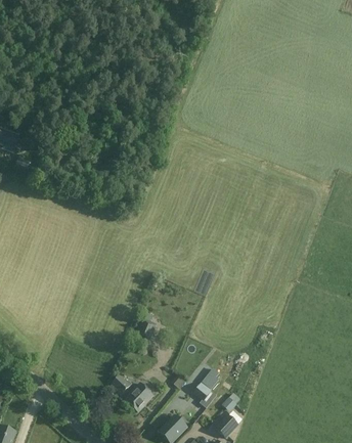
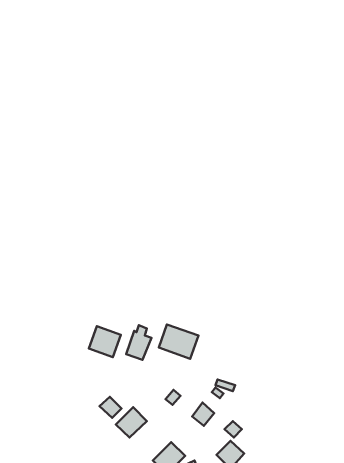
building: none -> [159,324,198,359]
building: none -> [89,326,121,357]

